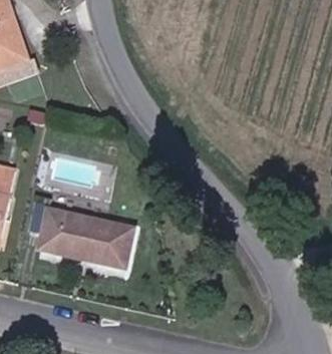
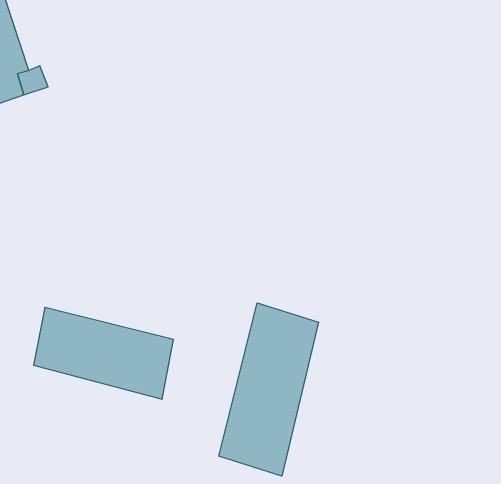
building: none -> [219,303,318,476]

